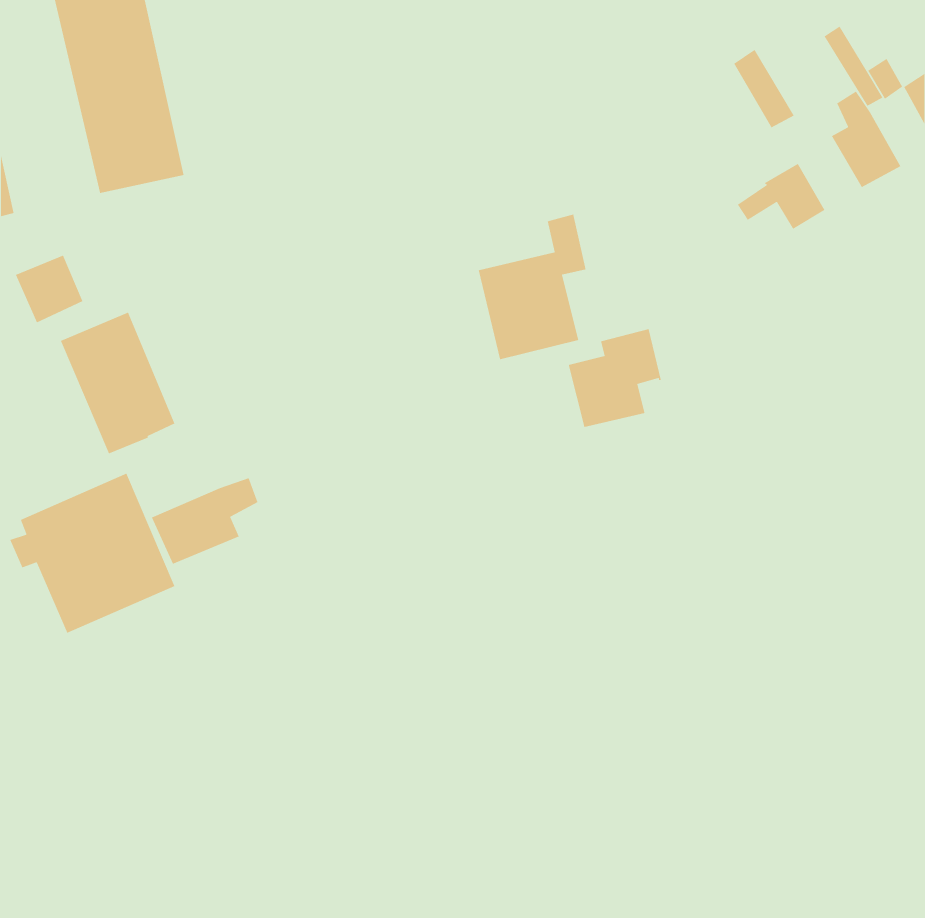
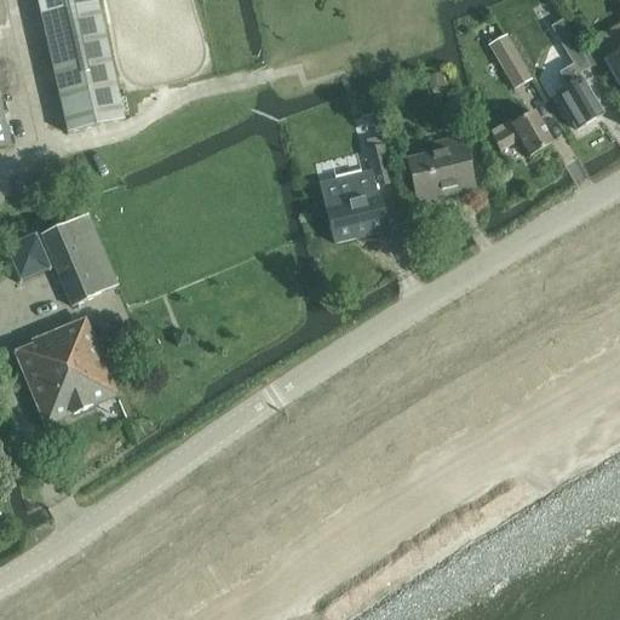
building: [15,255,84,323] -> [5,231,51,277]
building: [568,328,662,428] -> [407,133,470,200]
building: [151,477,258,565] -> none

